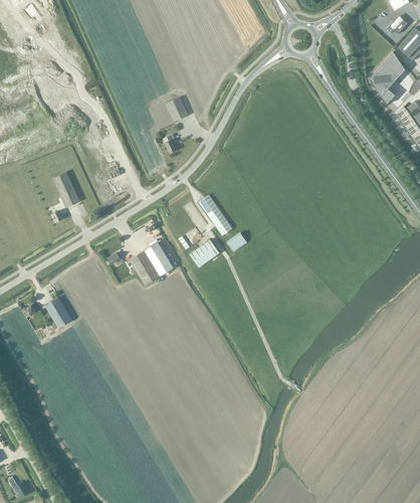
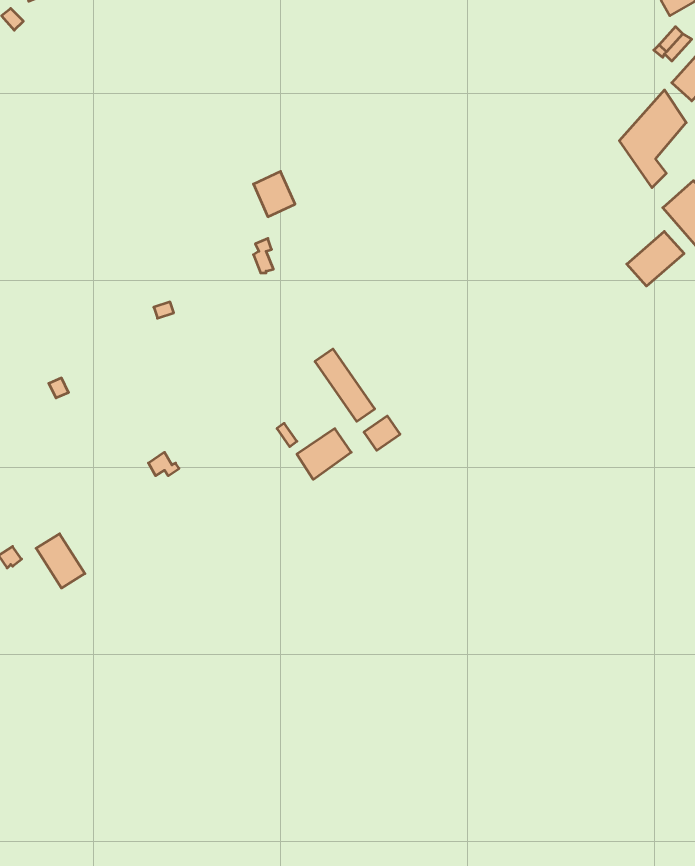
building: none -> [627,231,684,286]
building: [53,172,80,207] -> none
building: [130,242,173,285] -> none

